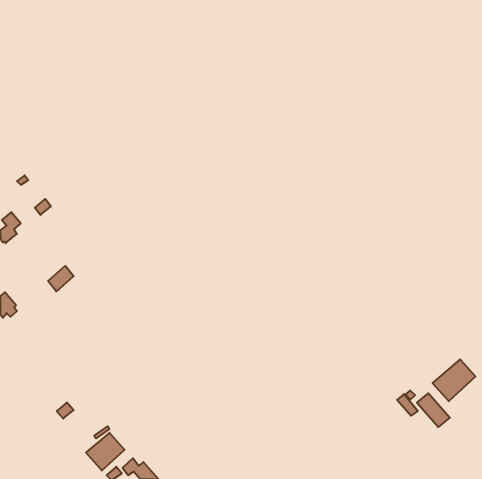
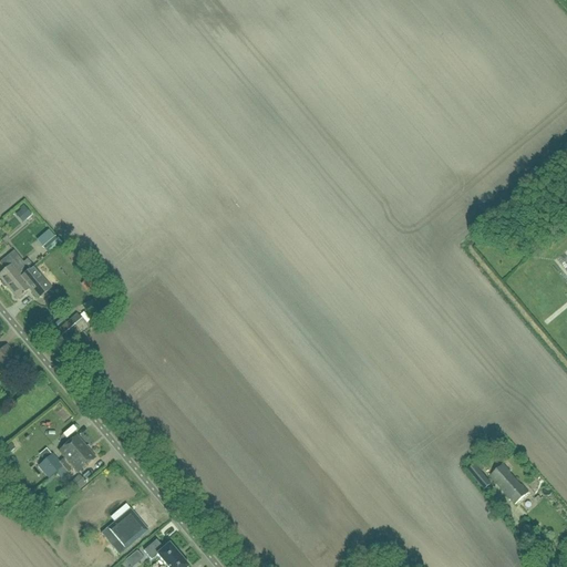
building: none -> [7,265,50,298]
building: [433,359,475,401] -> none
building: none -> [44,434,95,472]

